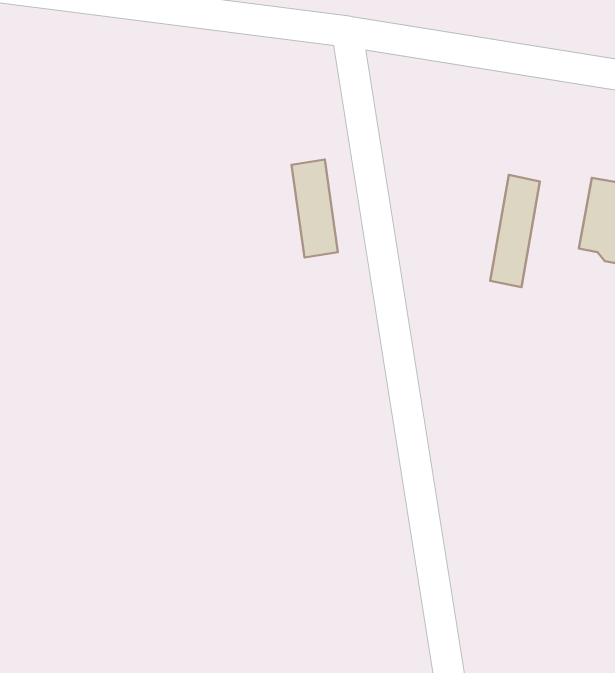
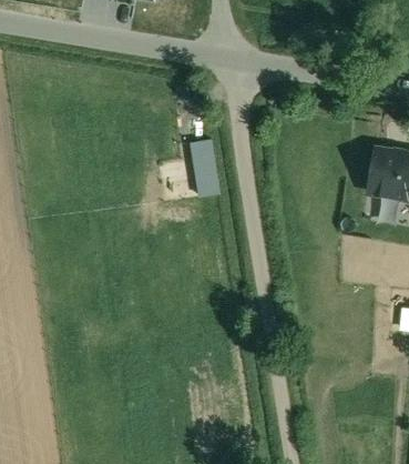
building: [490,175,540,287] -> none

